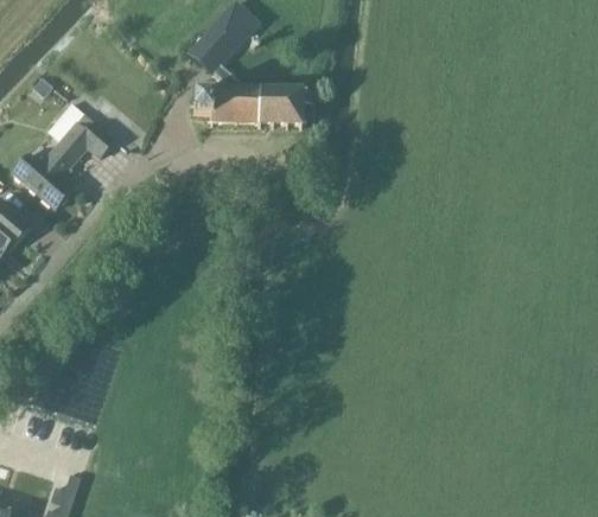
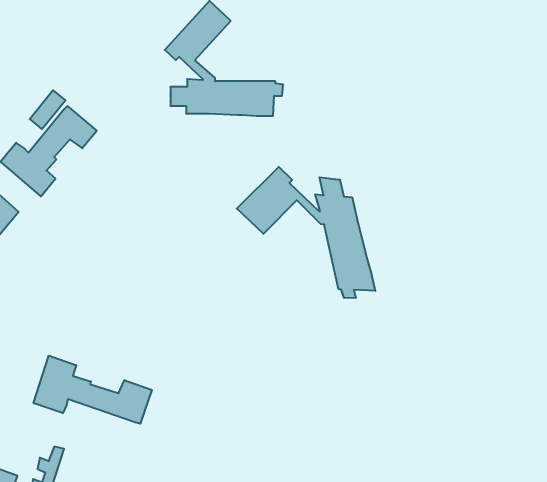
building: none -> [237,167,375,298]
building: none -> [34,356,152,424]

